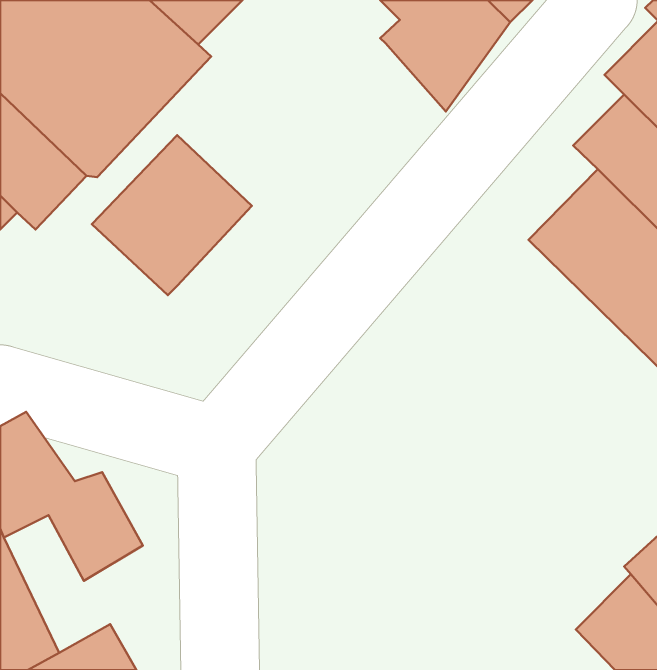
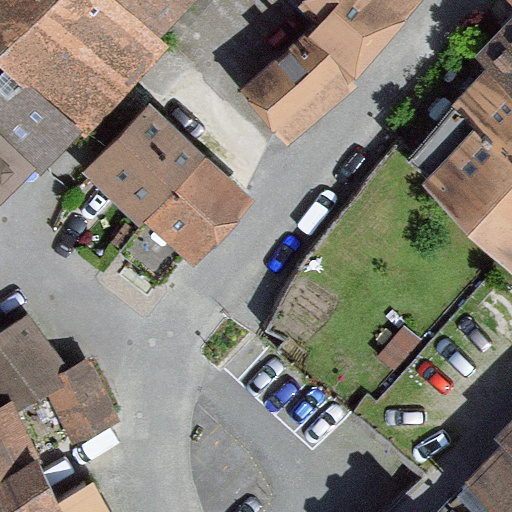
building: none -> [239,33,353,146]
building: none -> [145,157,248,261]

